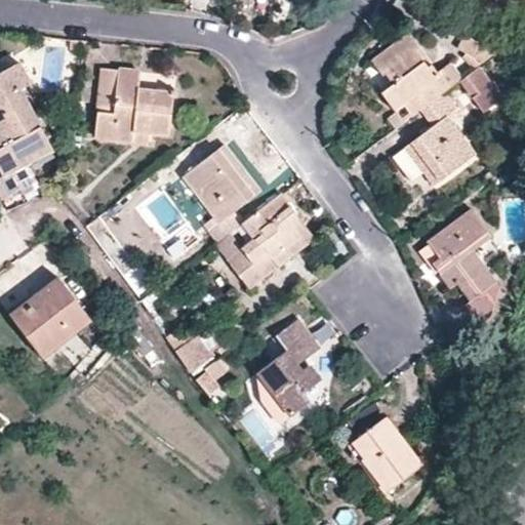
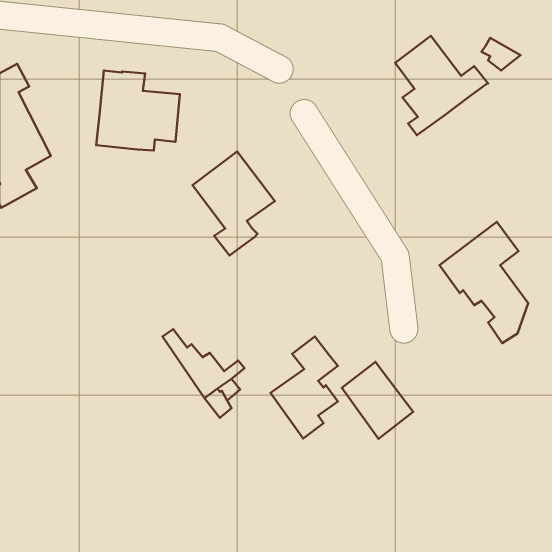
building: [461,67,502,111] -> none
building: [405,91,475,185] -> none
building: [213,194,315,291] -> none
building: [10,278,88,356] -> none
building: [353,418,420,491] -> [342,362,413,439]

